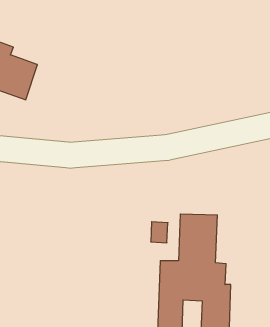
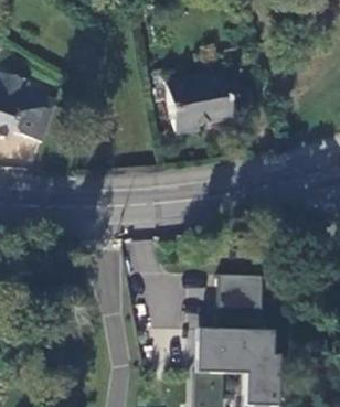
building: none -> [167,77,229,136]

